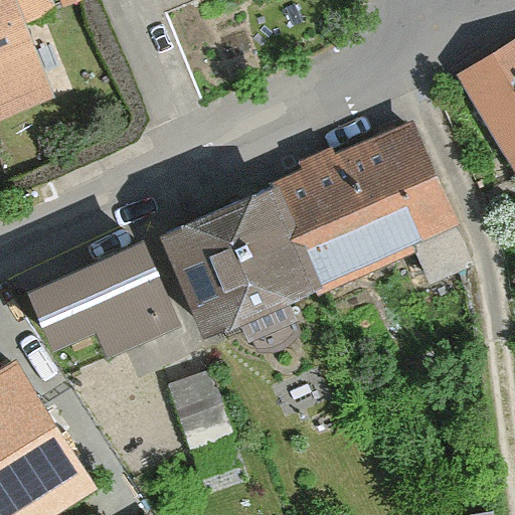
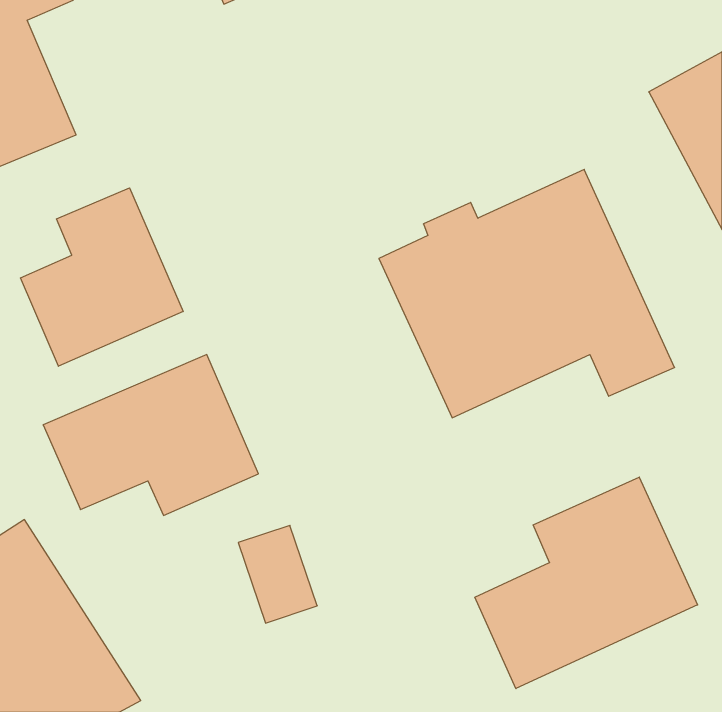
building: none -> [21,188,183,366]
building: [158,181,317,348] -> none
building: none -> [475,477,698,689]

